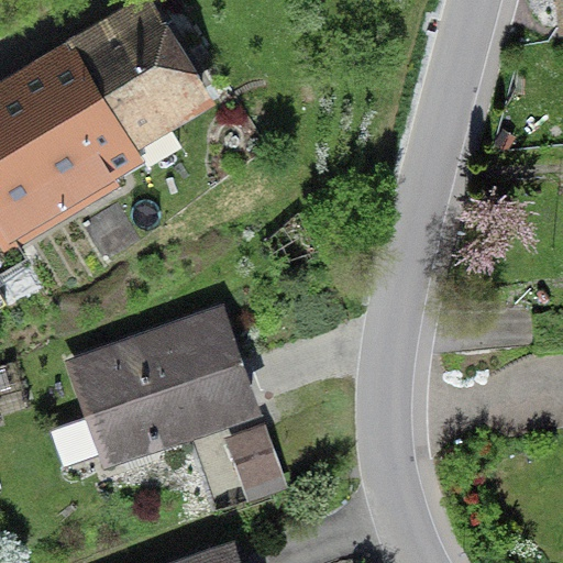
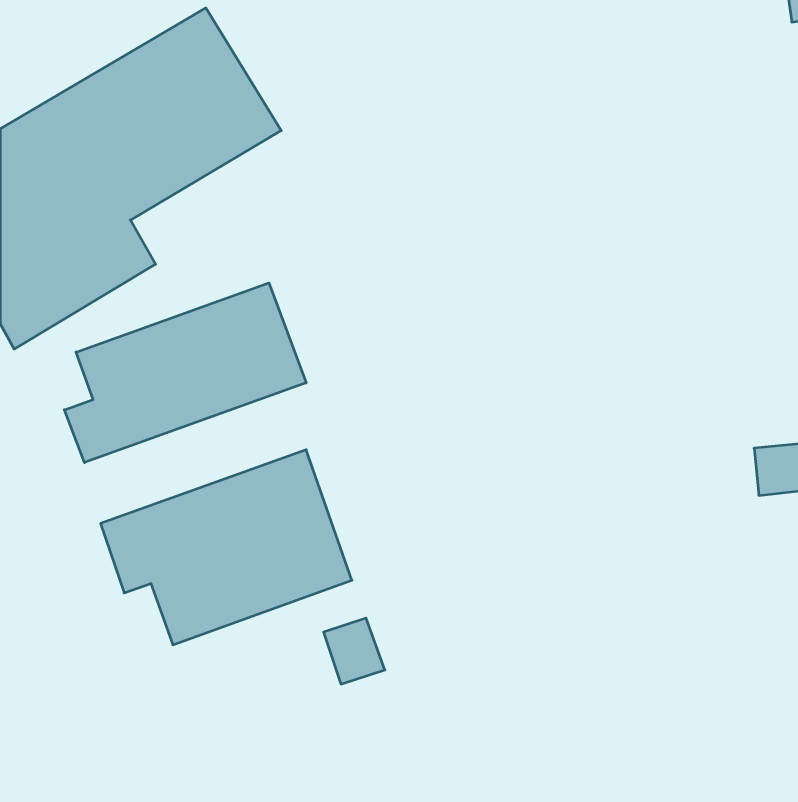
building: none -> [64,283,306,463]

